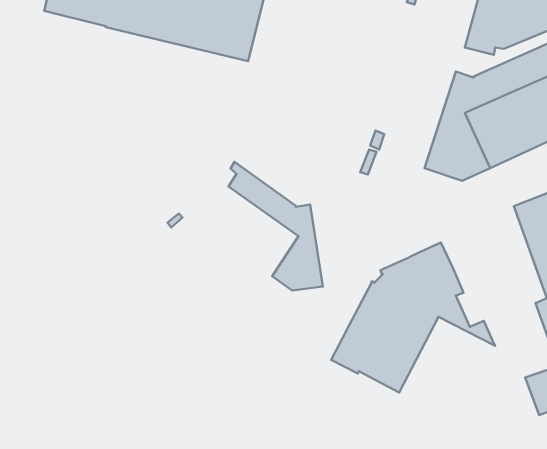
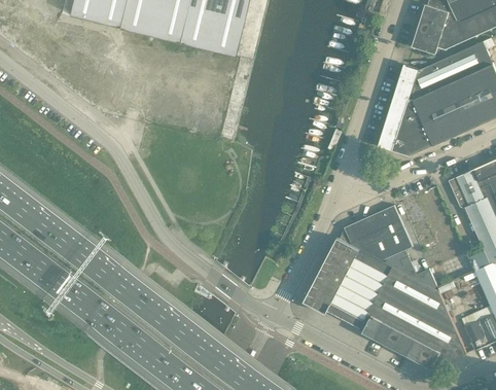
building: [229,162,323,291] -> none
building: none -> [359,265,467,367]

